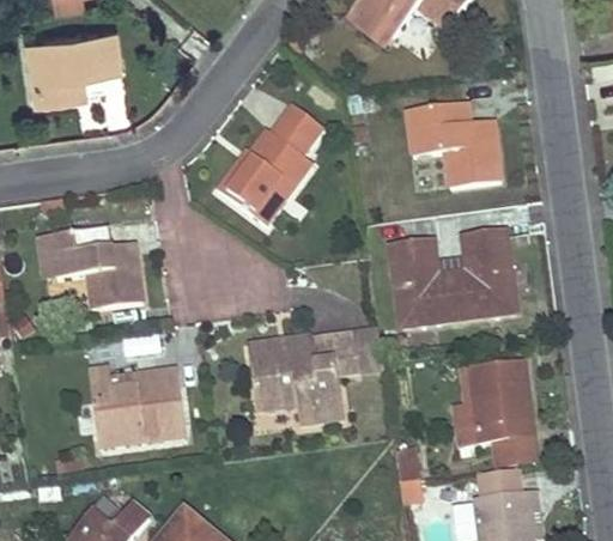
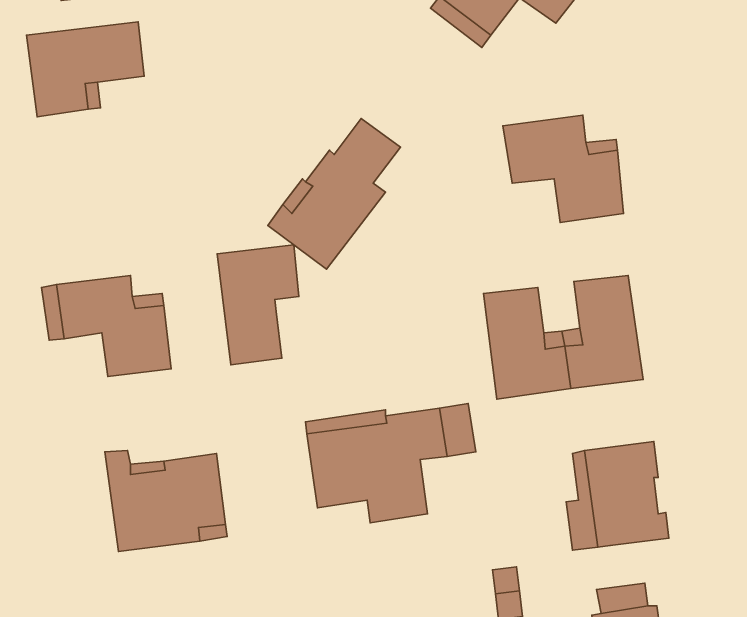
building: none -> [217,245,299,365]
building: [490,436,540,468] -> none

